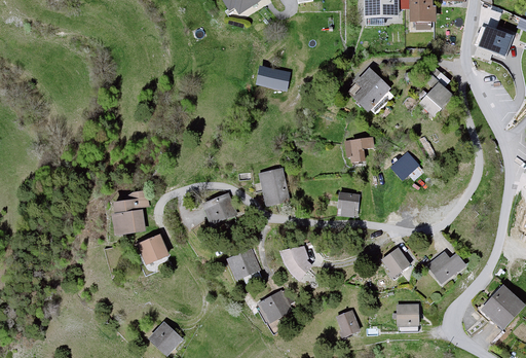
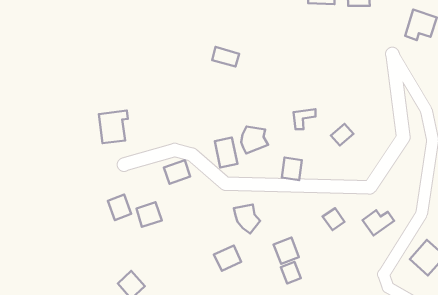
building: [350,69,388,107] -> none
building: [421,82,451,113] -> none
building: none -> [241,126,268,154]
building: [114,196,147,234] -> [99,111,128,143]
building: [230,250,259,278] -> [136,202,162,227]
building: none -> [274,238,299,264]
building: [397,306,418,324] -> none

